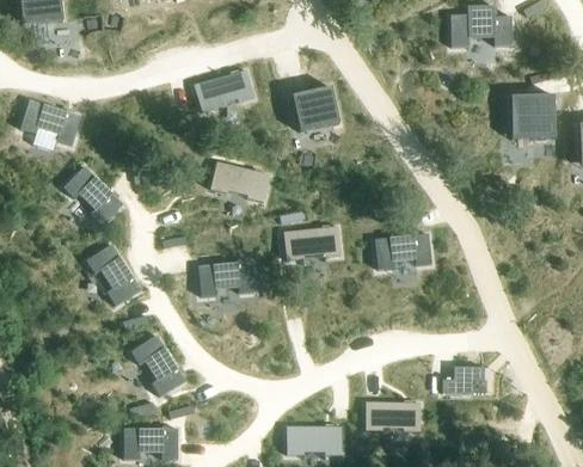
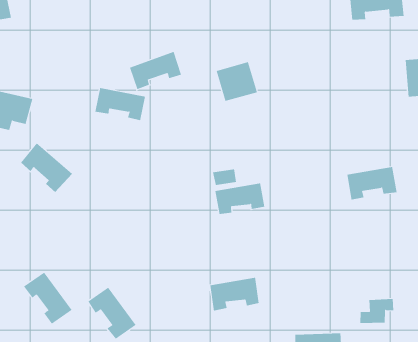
building: [210,162,270,203] -> [95,88,146,121]
building: [375,234,432,270] -> [346,167,397,200]
building: [86,245,141,306] -> [23,272,73,325]
building: [198,262,254,297] -> [210,277,260,311]

